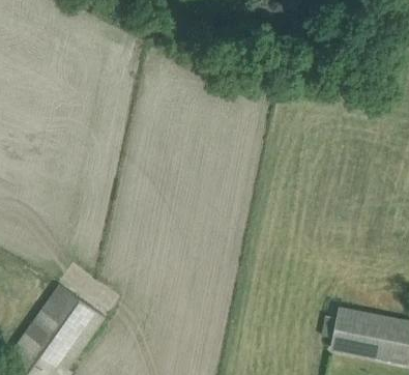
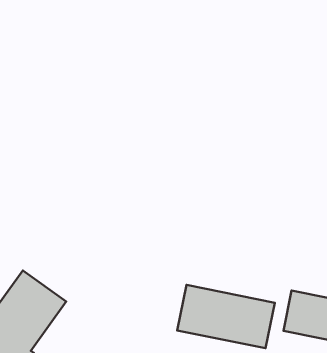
building: none -> [177,285,275,348]

